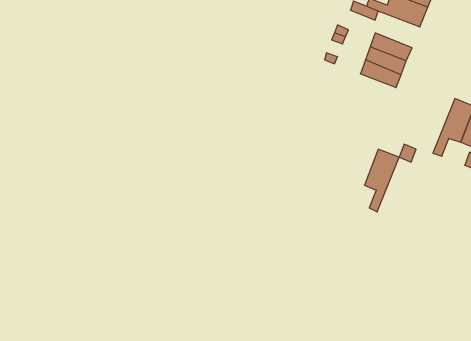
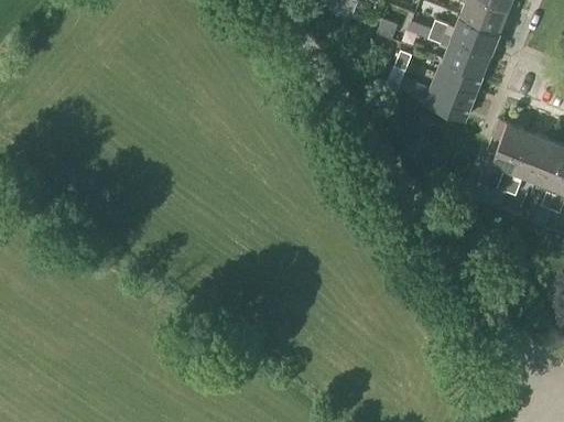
building: none -> [442,37,491,76]
building: [364,149,399,212] -> [491,123,530,193]

